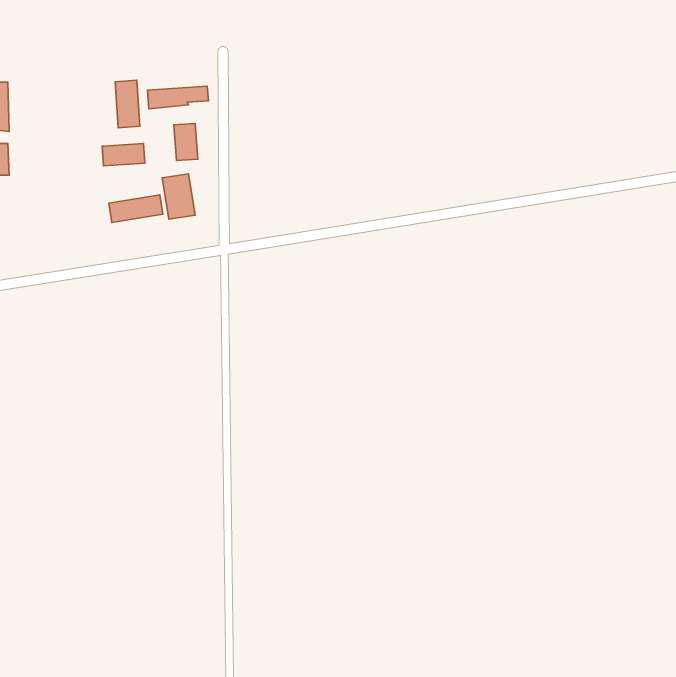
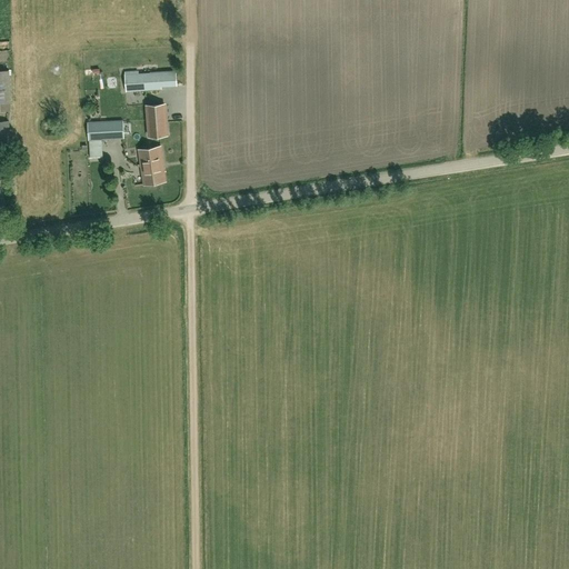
building: [115,80,140,128] -> none
building: [109,195,163,222] -> none

